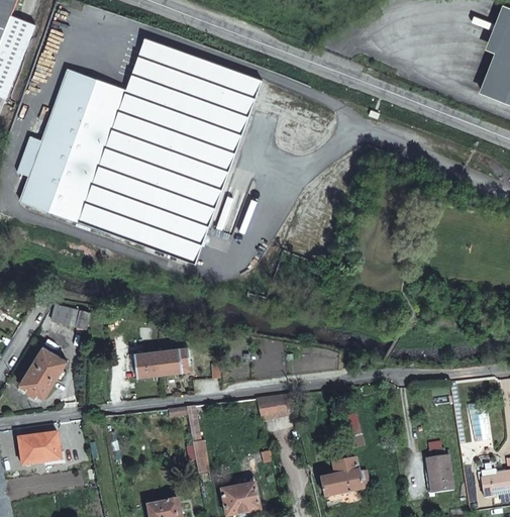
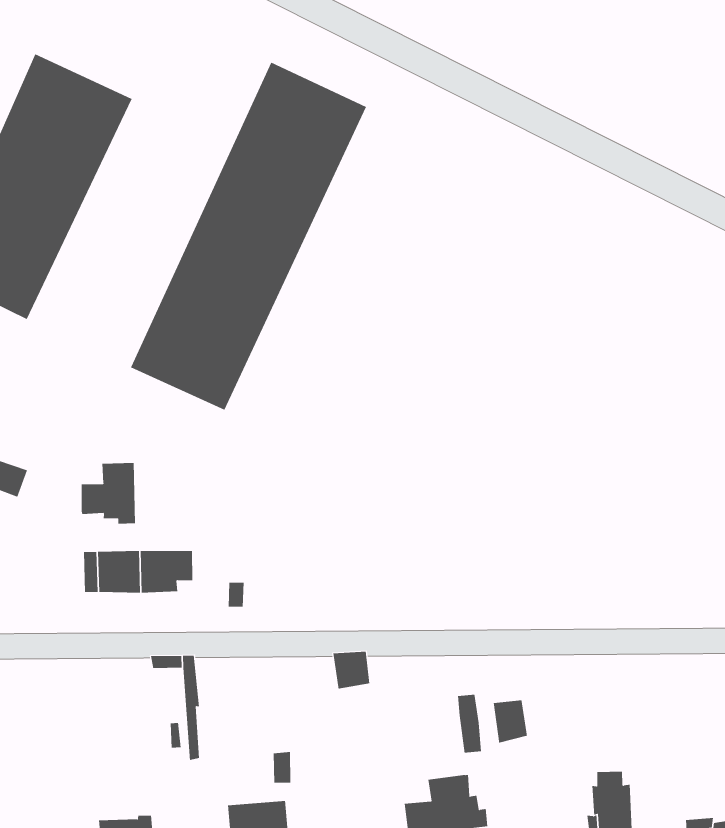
building: [79,40,203,244] -> none
building: none -> [81,462,136,525]
building: [256,396,278,420] -> none
building: none -> [493,700,527,743]

